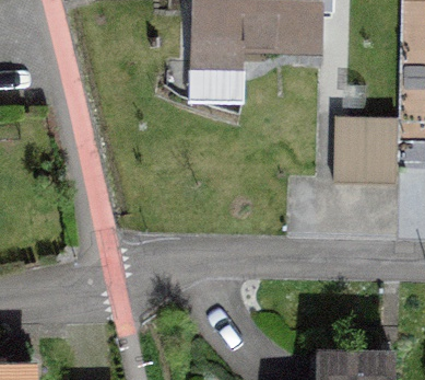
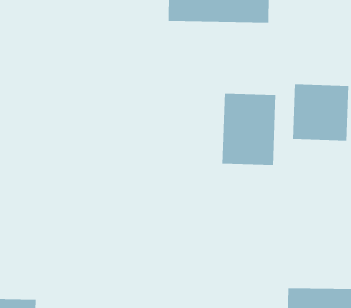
building: none -> [222,93,276,166]

